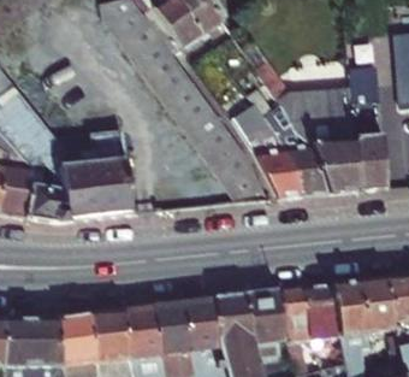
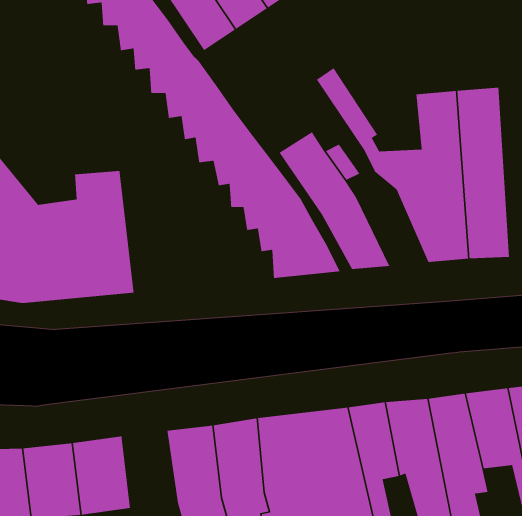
building: [281,143,330,195] -> none
building: [123,306,160,359] -> none

